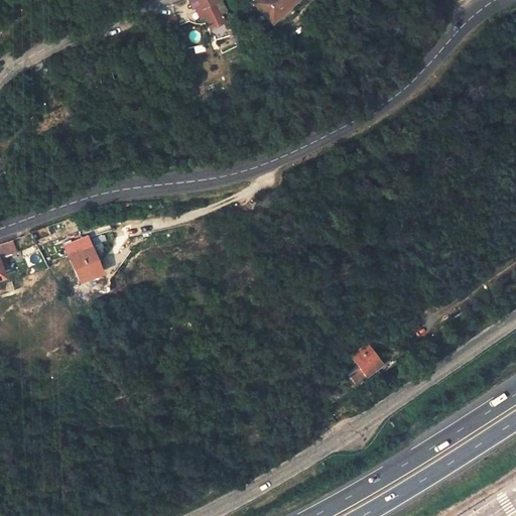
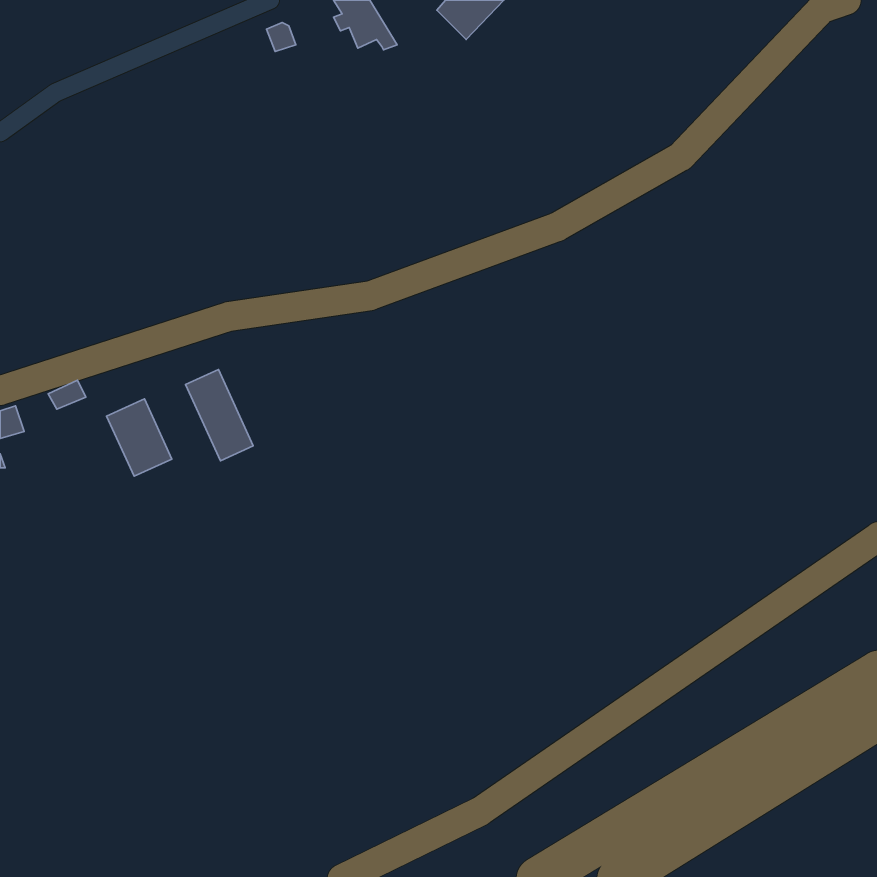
building: none -> [186,370,253,461]
building: [348,345,382,381] -> none

